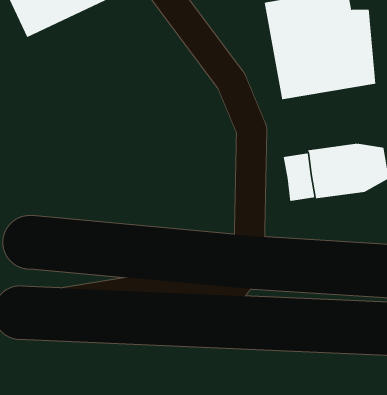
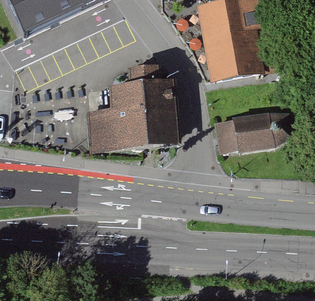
building: none -> [89,67,179,143]

